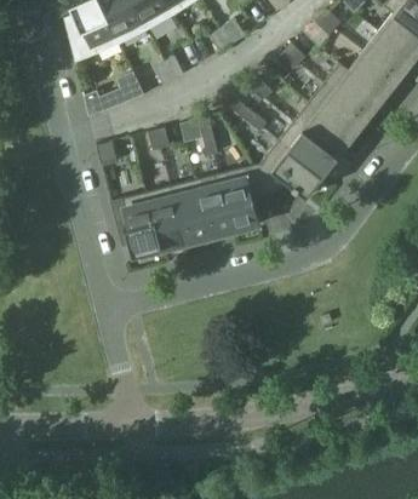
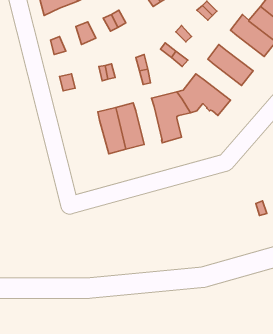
building: [308,84,368,138] -> none
building: [277,122,338,177] -> none
building: [194,174,233,236] -> none
building: [110,193,161,256] -> none

